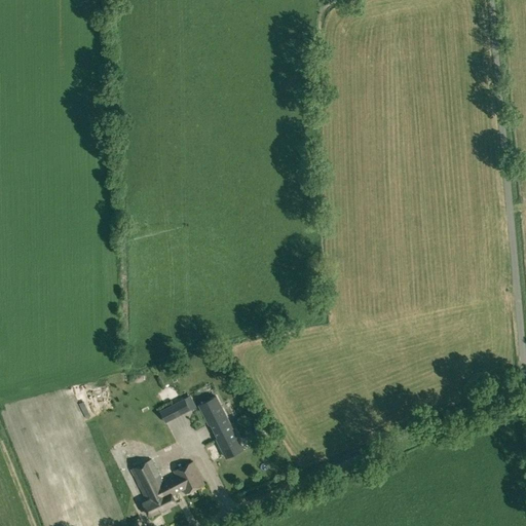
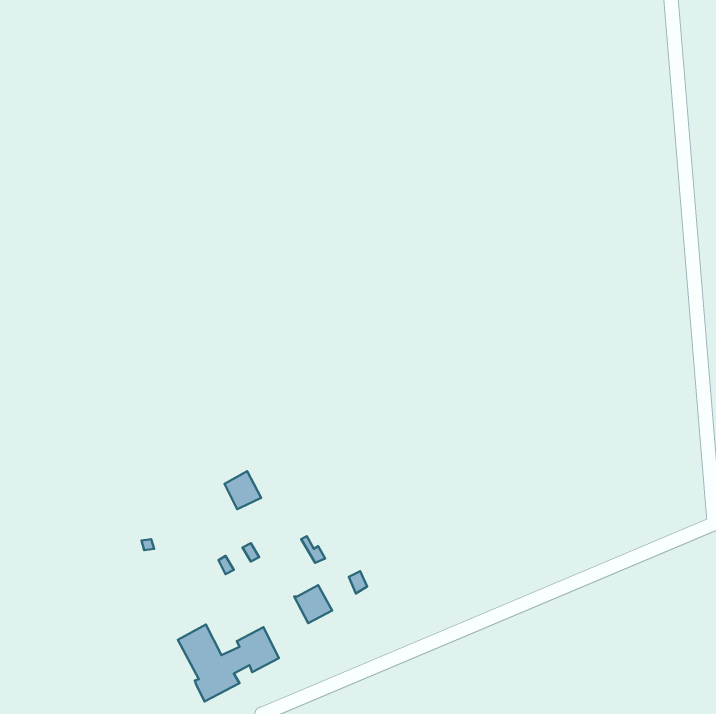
building: [199,396,226,423] -> [225,471,261,509]

